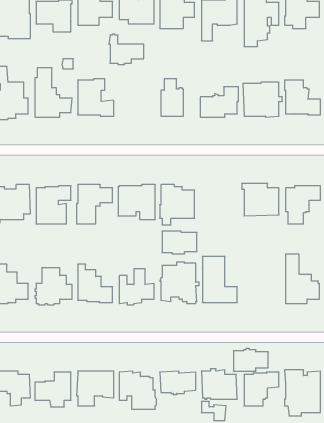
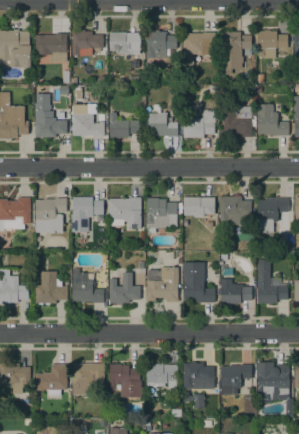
building: [109,34,144,64] -> [109,111,140,138]
building: [162,231,197,254] -> [184,196,215,216]
building: [233,349,268,371] -> [221,283,252,303]

